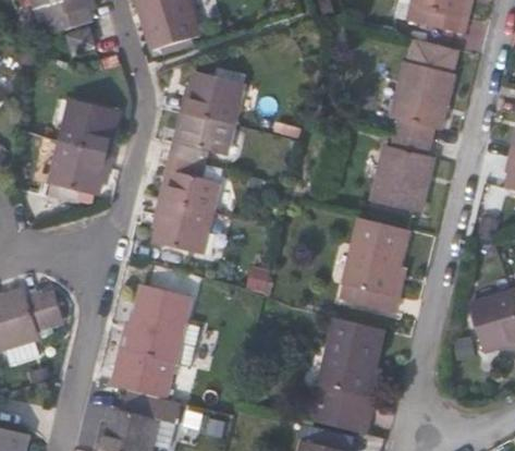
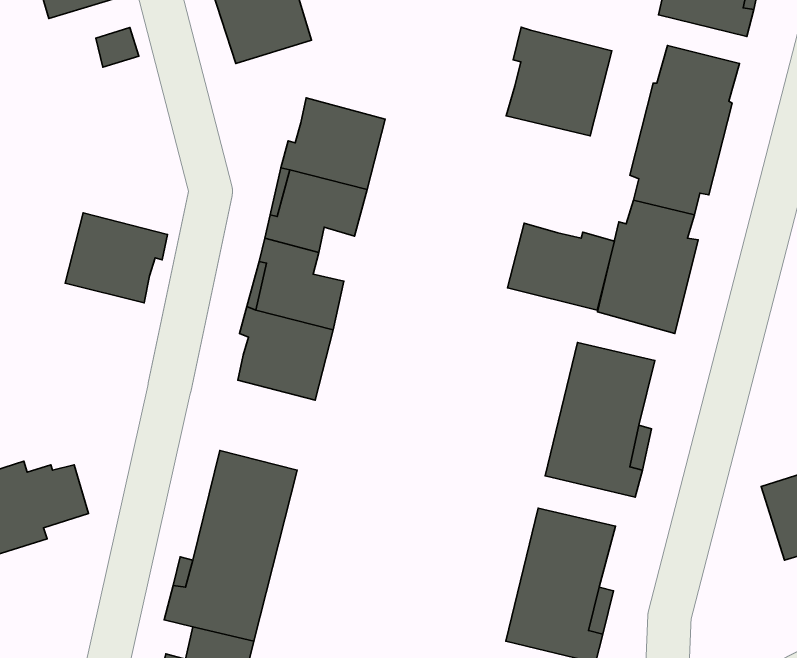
building: none -> [506,27,612,136]
building: [60,98,118,154] -> none
building: none -> [508,223,614,310]

